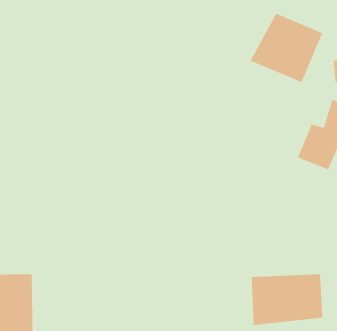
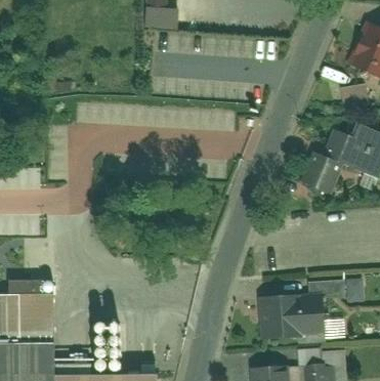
building: [250,13,323,83] -> none

